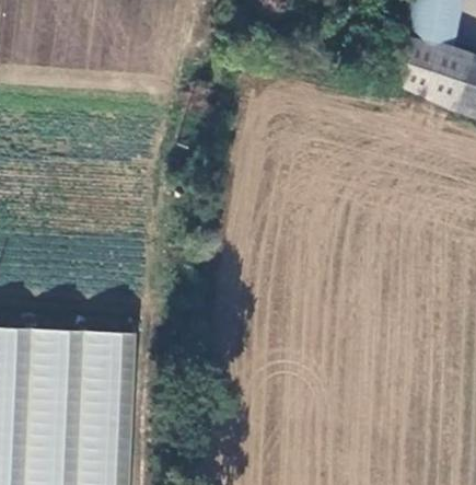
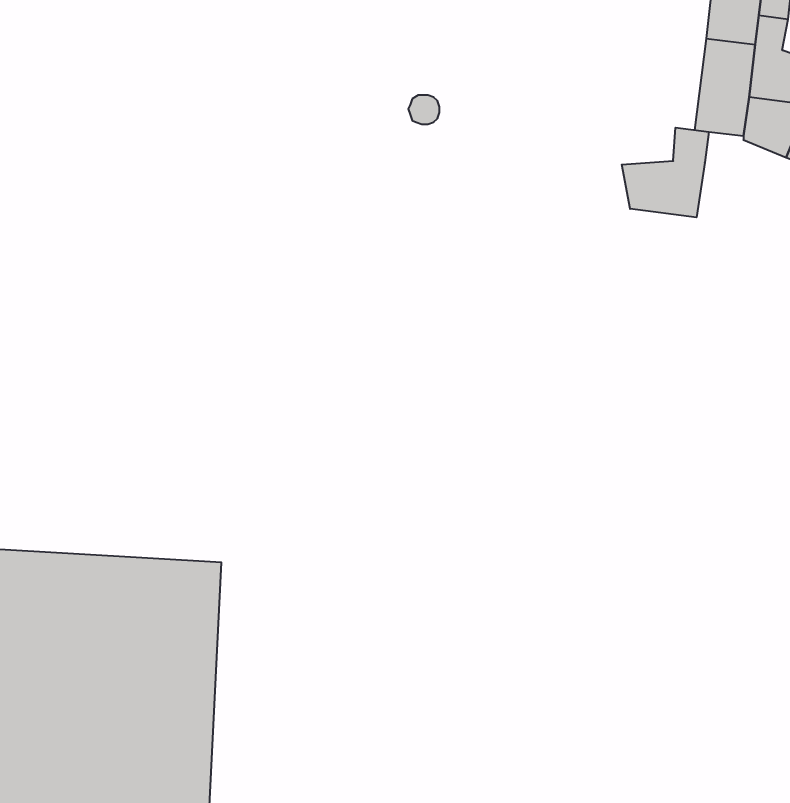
building: none -> [622,128,709,217]

